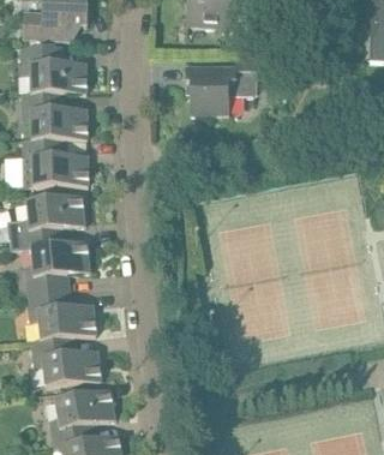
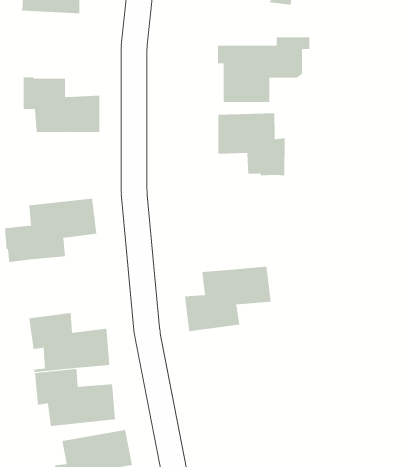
building: [22,46,86,94] -> none
building: none -> [218,113,285,176]
building: [24,138,89,186] -> none
building: [17,241,90,297] -> [184,266,271,332]

